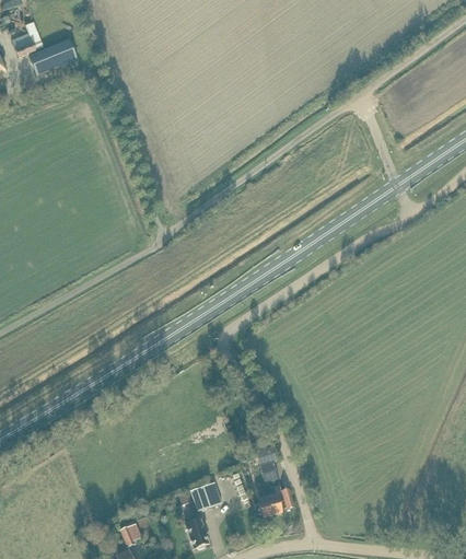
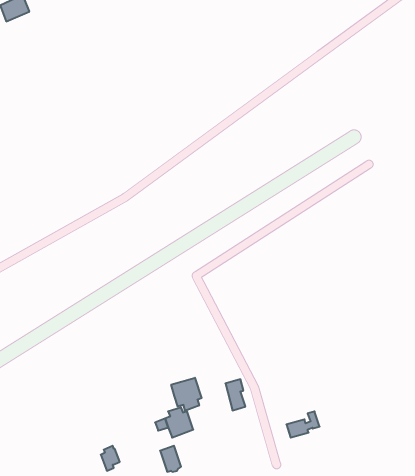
building: [28,39,77,75] -> none
building: none -> [171,378,202,411]
building: [258,489,294,517] -> [286,411,320,438]

